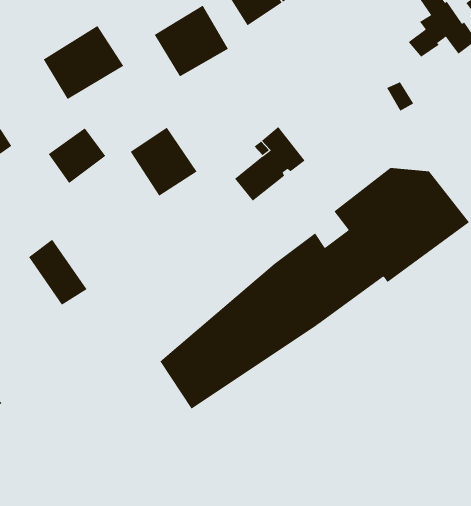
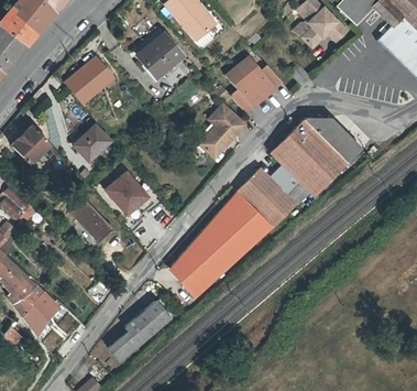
building: none -> [224,56,284,115]
building: [130,127,198,196] -> [106,171,152,217]
building: none -> [106,298,171,362]

